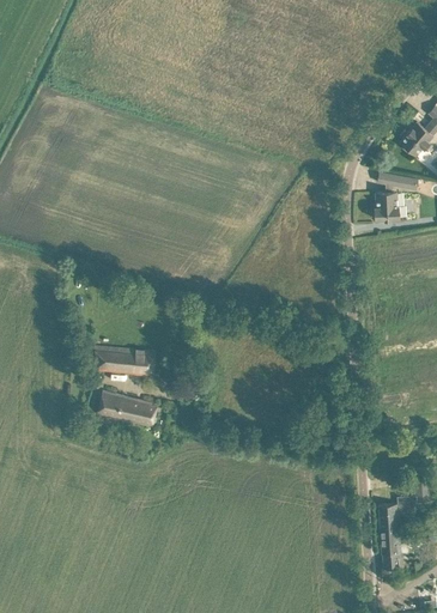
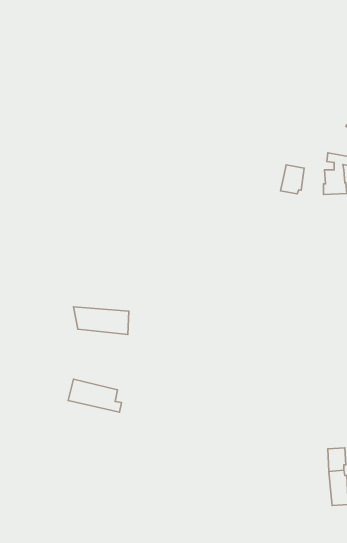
building: none -> [281,165,304,194]
building: [97,390,157,427] -> [68,379,122,412]

